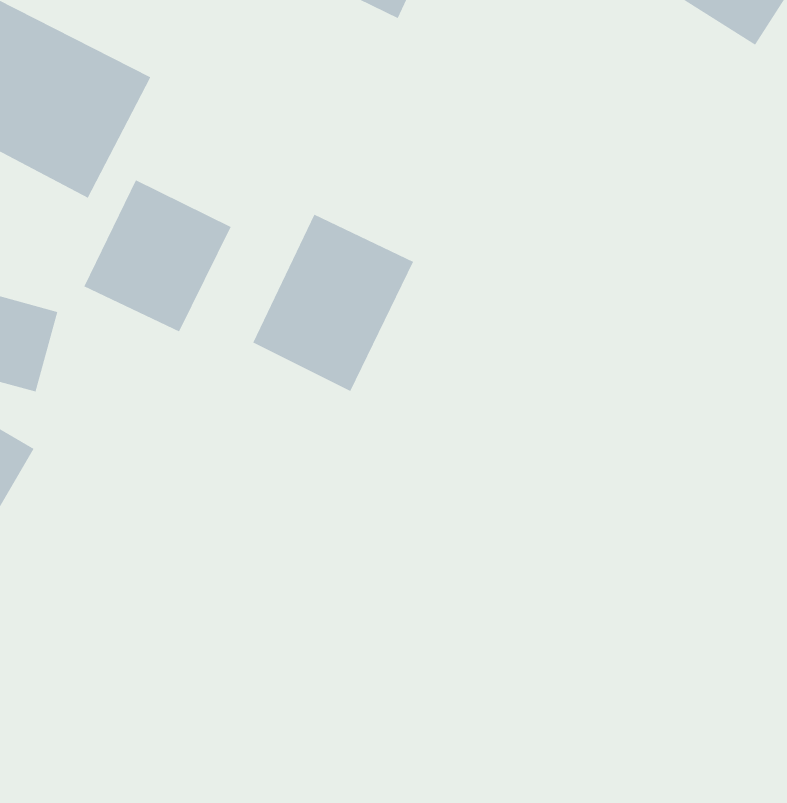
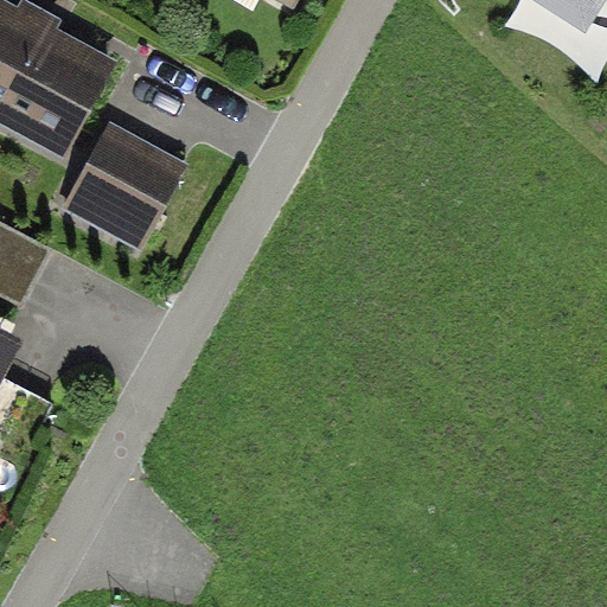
building: [252,214,414,392] -> none

